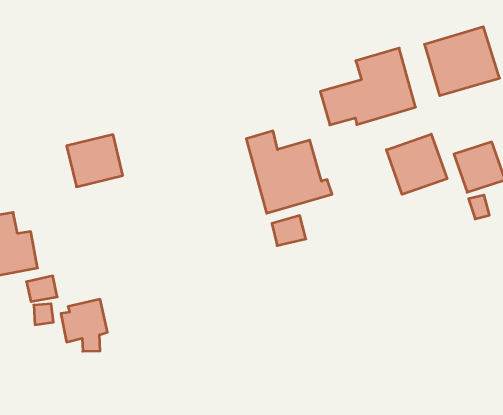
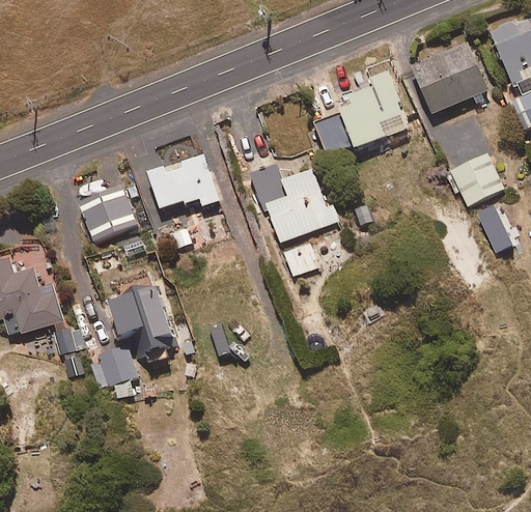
building: none -> [149,155,218,209]
building: [386,134,447,194] -> none
building: none -> [116,280,175,354]

